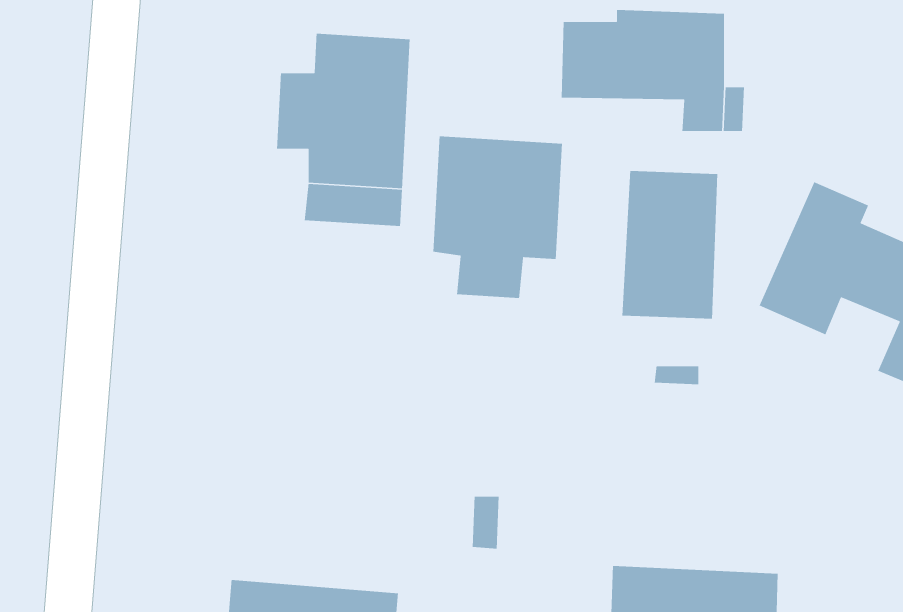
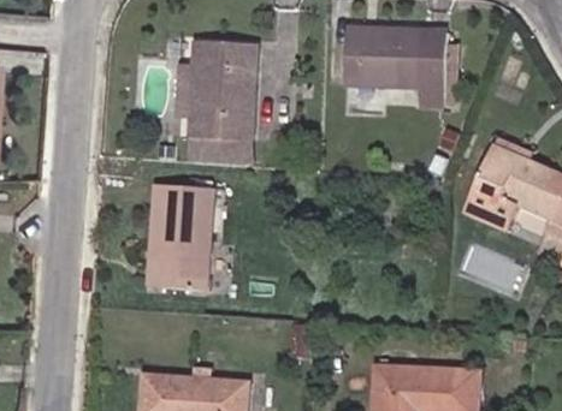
building: [432,136,563,299] -> none
building: [622,170,718,320] -> none
building: none -> [152,184,214,291]

